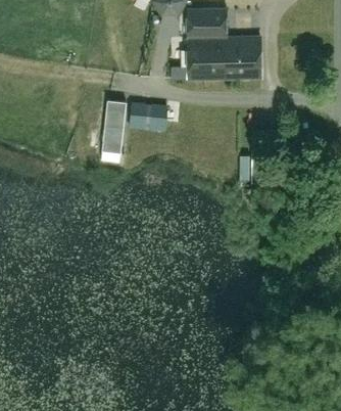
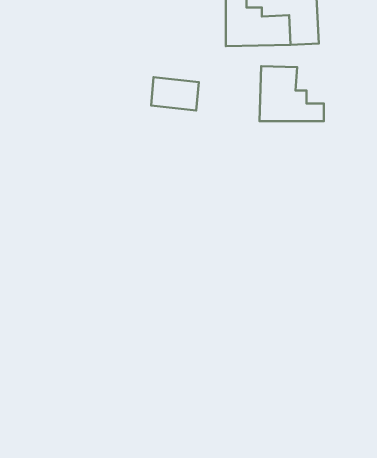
building: none -> [259,66,324,121]
building: [101,99,126,152] -> none

